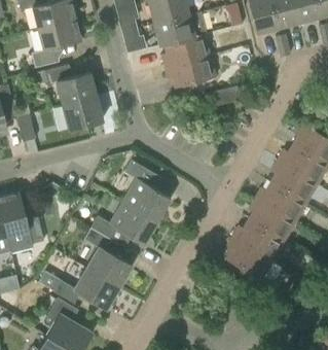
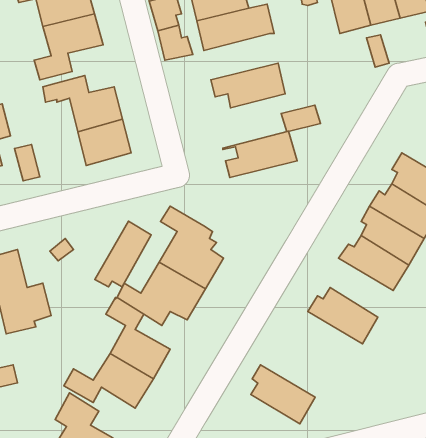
building: [156,33,211,67] -> [223,131,297,178]
building: none -> [95,221,151,287]
building: [249,198,295,241] -> none
building: [225,237,272,280] -> [251,365,315,424]

